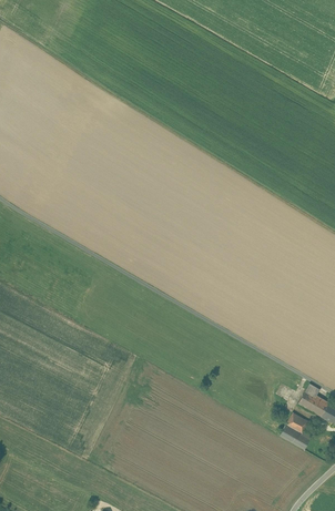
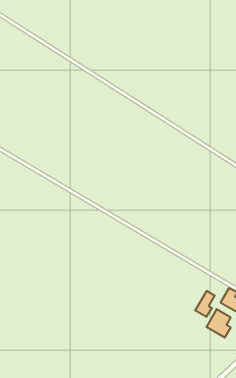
building: none -> [195,291,215,317]

